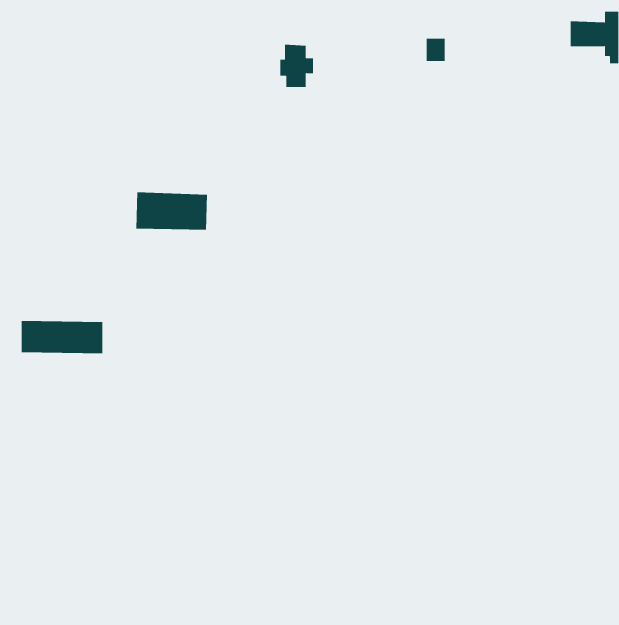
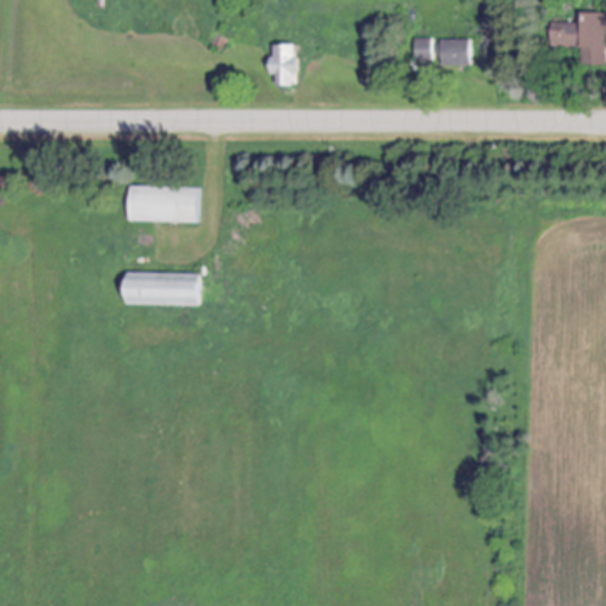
building: none -> [437,38,471,64]
building: [21,321,103,354] -> [125,272,205,304]

